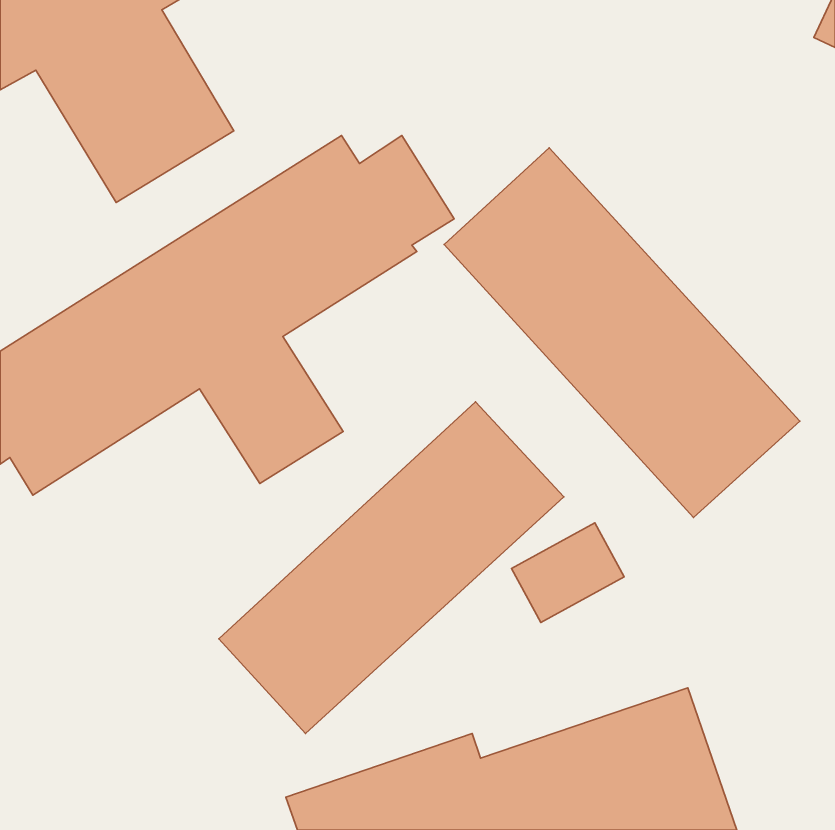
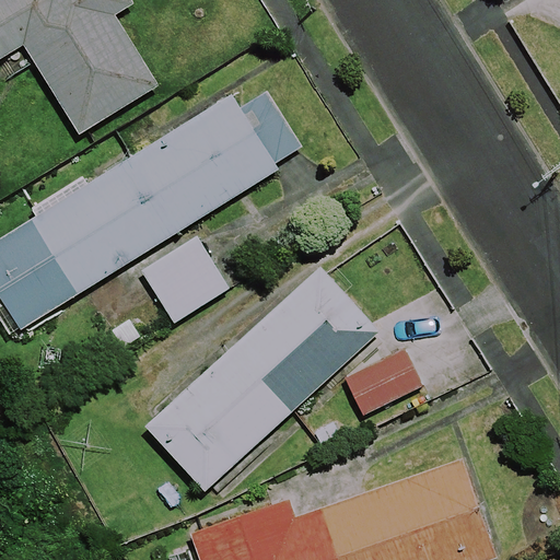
building: [444,148,800,518] -> none

